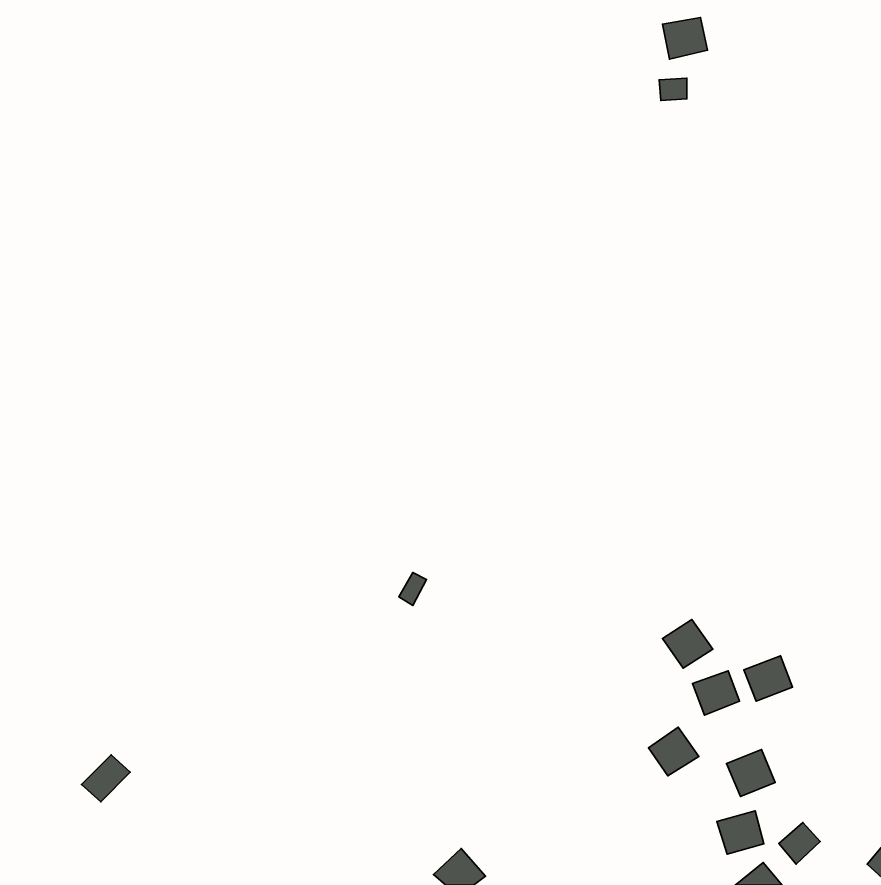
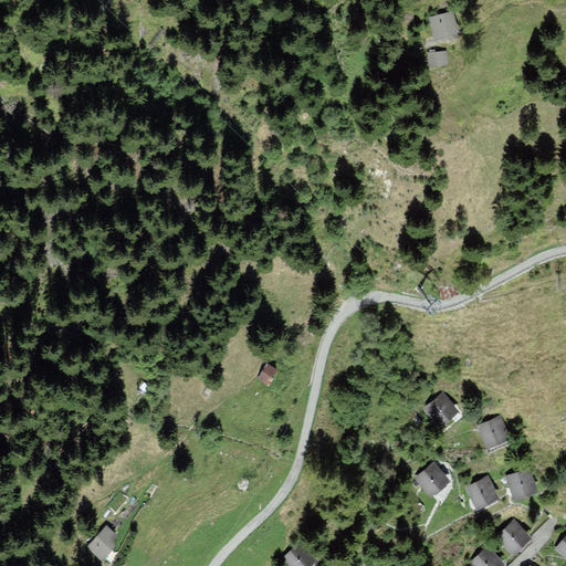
building: [692,671,739,715] -> none
building: [82,755,130,802] -> [87,527,118,557]
building: [717,811,764,854] -> [506,471,536,499]

